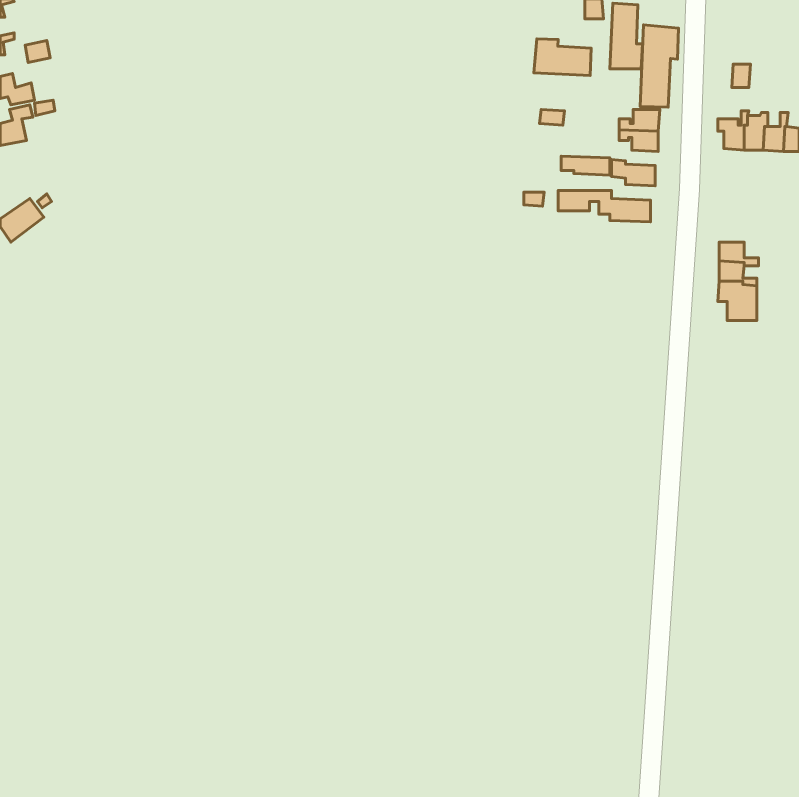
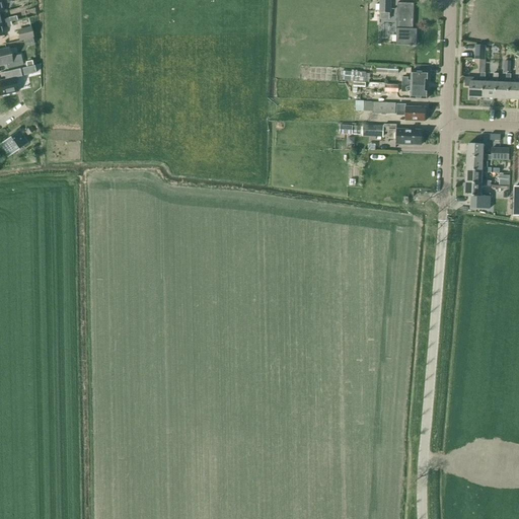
building: [640,25,678,107] -> none
building: [534,39,591,75] -> none
building: none -> [466,144,509,159]

